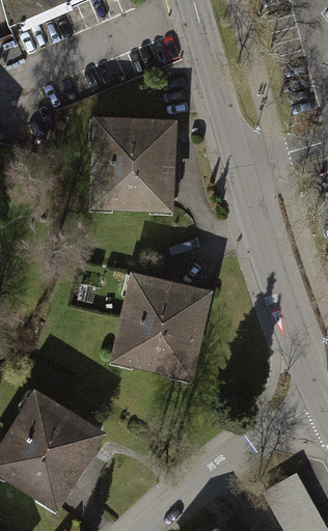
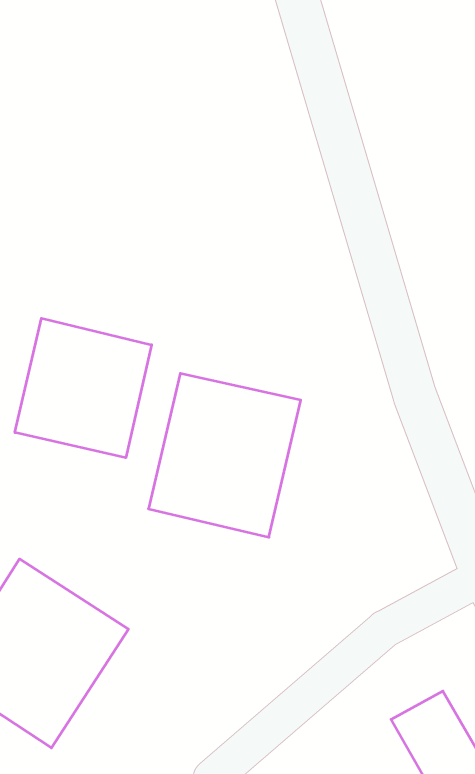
building: [95,121,173,212] -> none
building: none -> [15,318,152,458]

